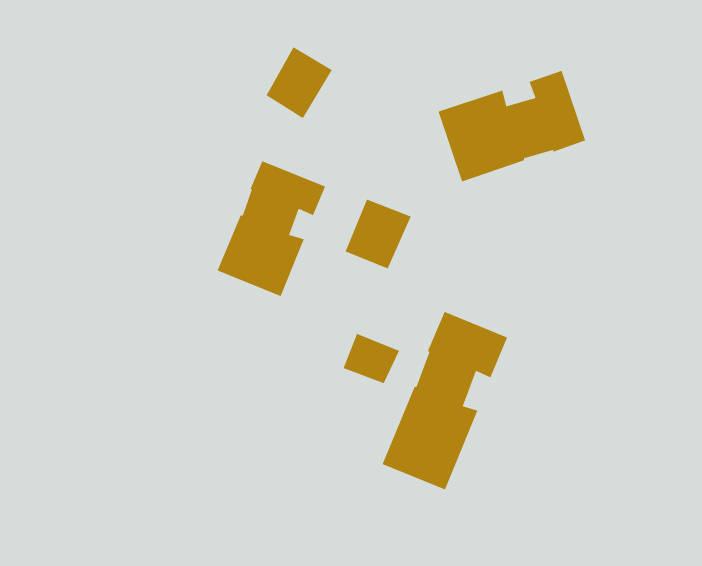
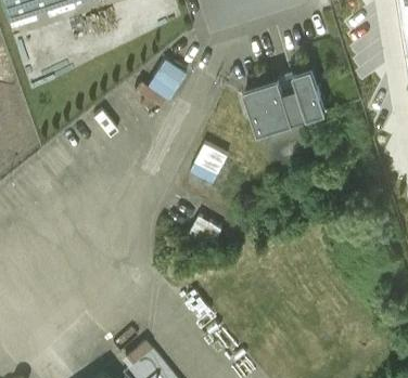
building: [217,160,326,297] -> none
building: [381,311,508,491] -> none

